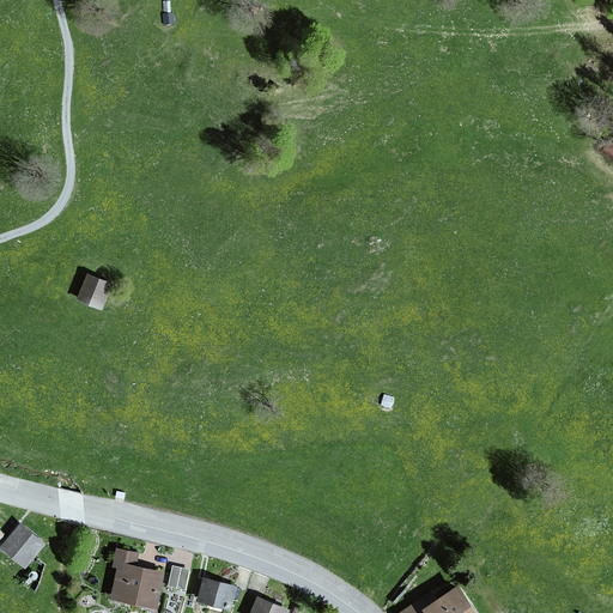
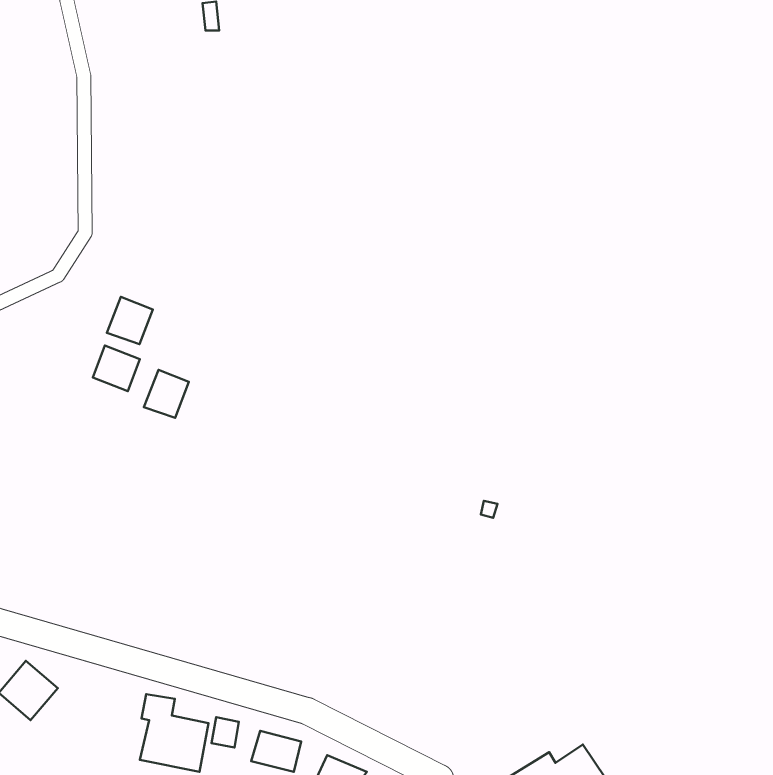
building: none -> [107,297,153,344]
building: none -> [144,370,189,418]

